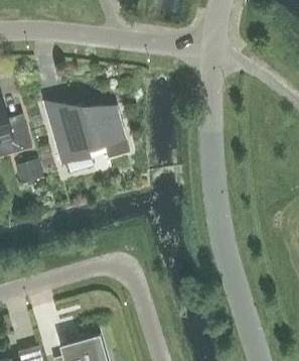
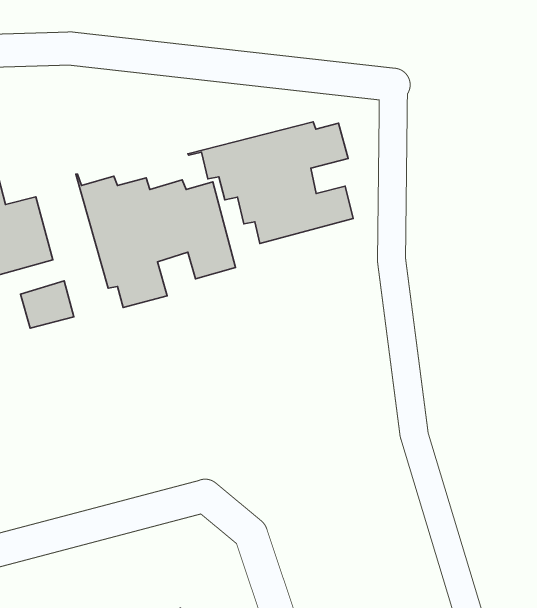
building: none -> [188,122,353,244]

